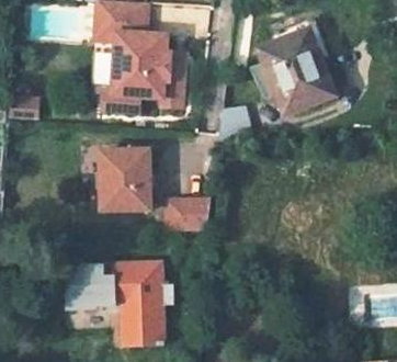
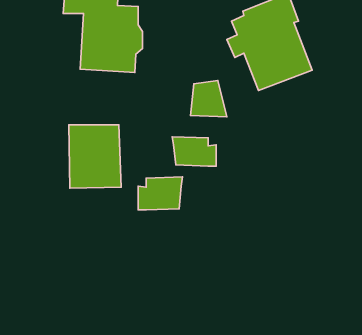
building: none -> [172,137,216,166]
building: [68,265,163,346] -> none

